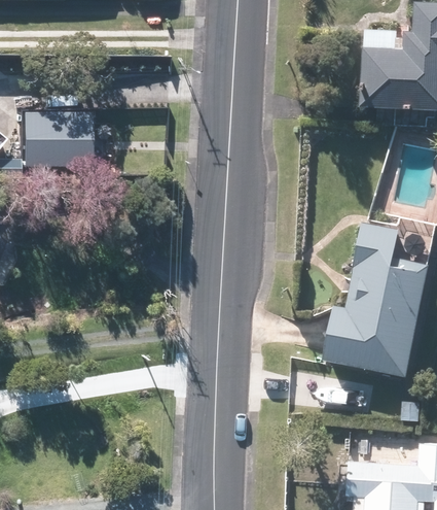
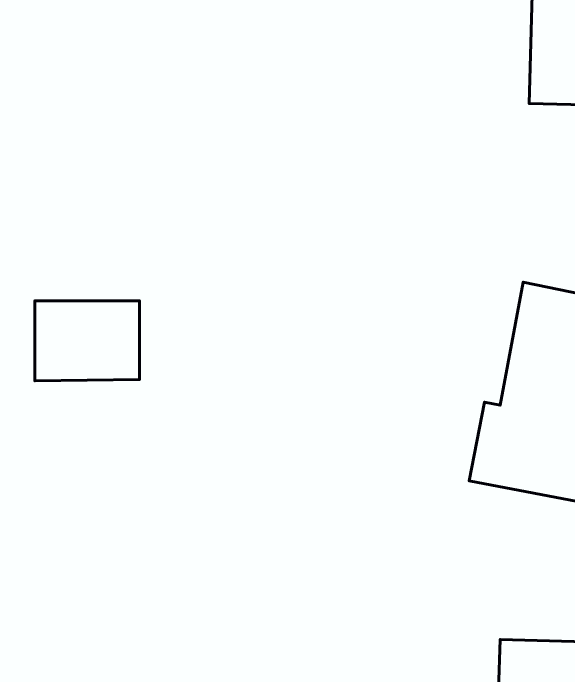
building: [19,114,88,168] -> [35,301,139,381]

